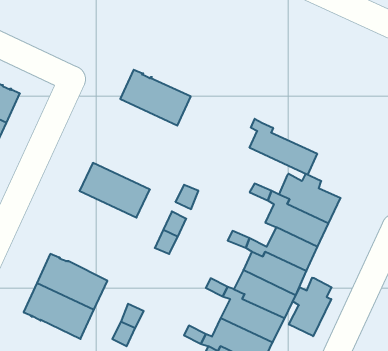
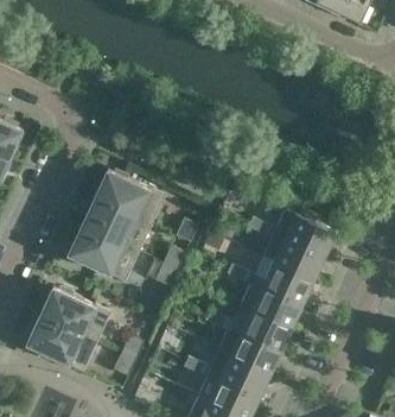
building: [120,70,191,126] -> [94,170,163,225]
building: [250,119,317,175] -> none
building: none -> [68,226,136,280]
building: [289,278,332,336] -> none

